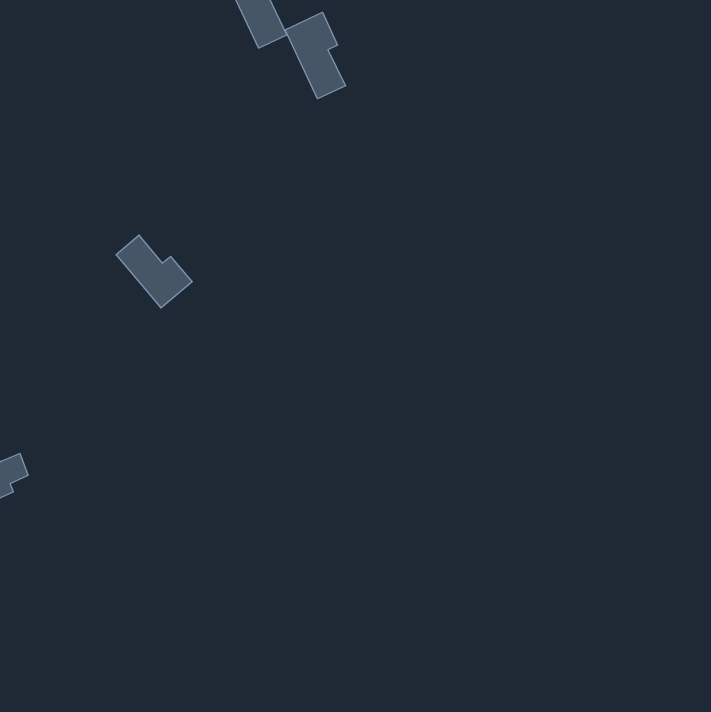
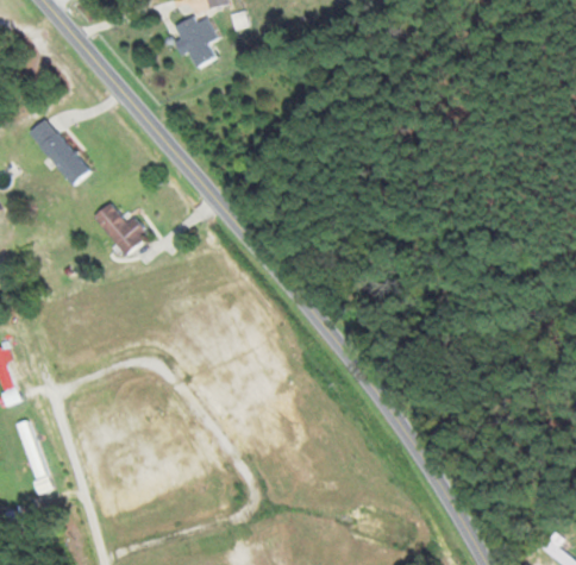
building: [285,12,345,99] -> none
building: none -> [29,119,89,186]

